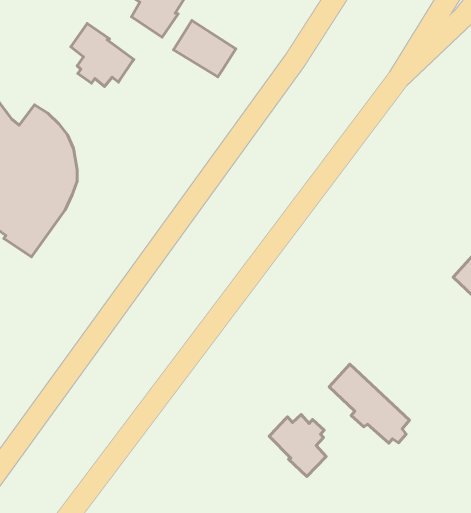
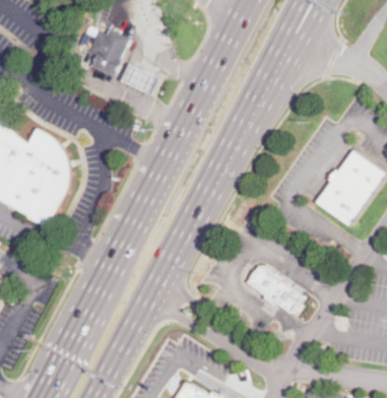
building: [71,24,134,87] -> none
building: [269,414,326,476] -> none

